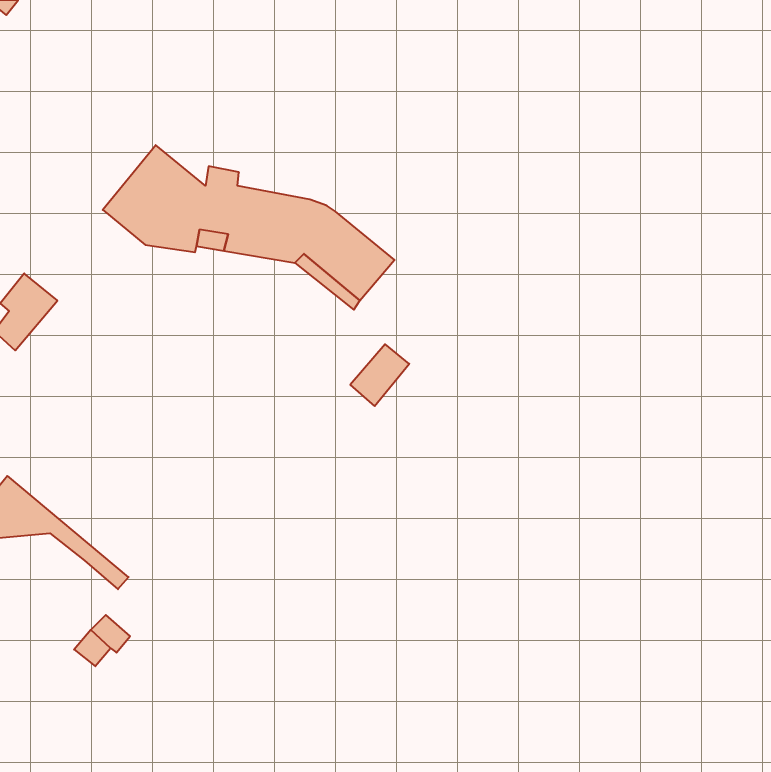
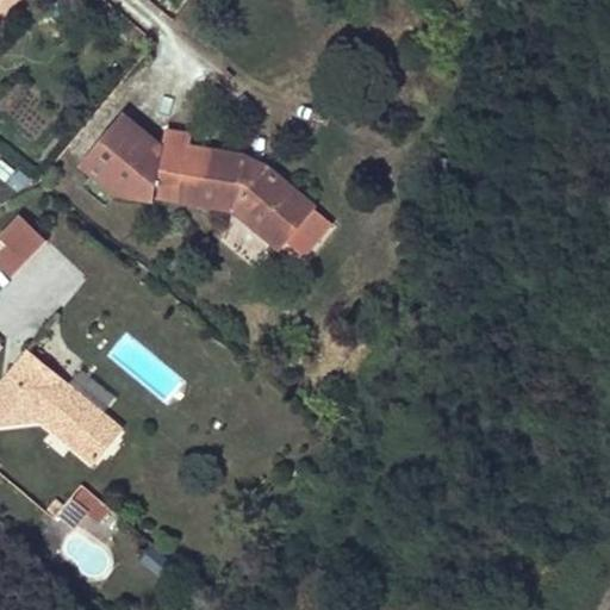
building: [350,344,409,406] -> [284,205,330,254]
building: none -> [6,353,120,455]

